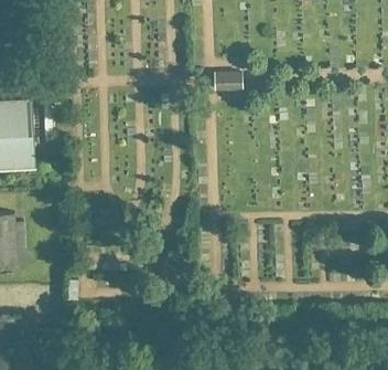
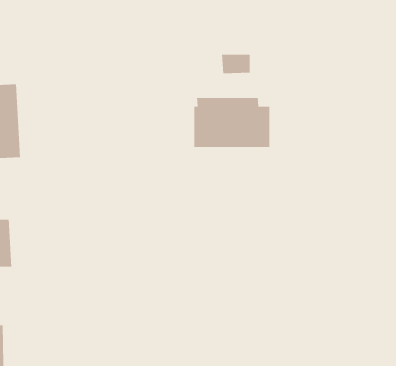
building: none -> [194,97,270,148]

